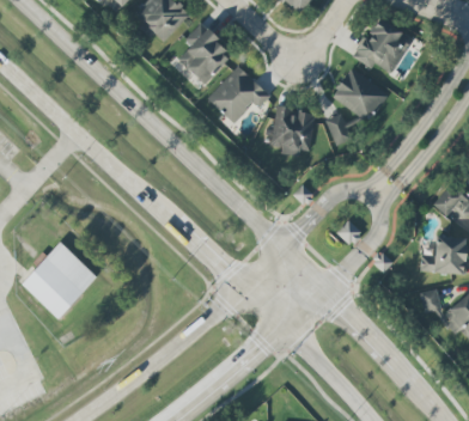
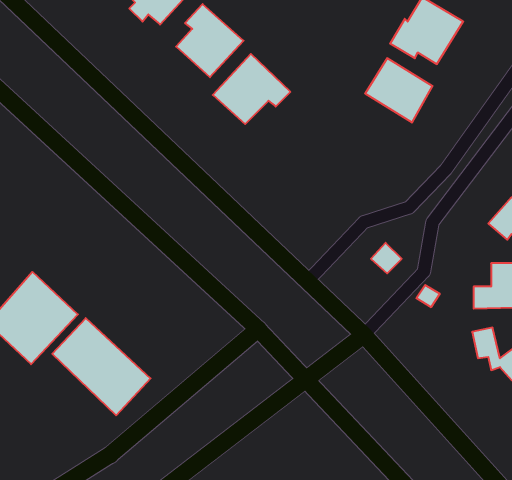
building: [272,106,316,154] -> none
building: [325,112,354,146] -> none
building: none -> [52,318,151,415]

